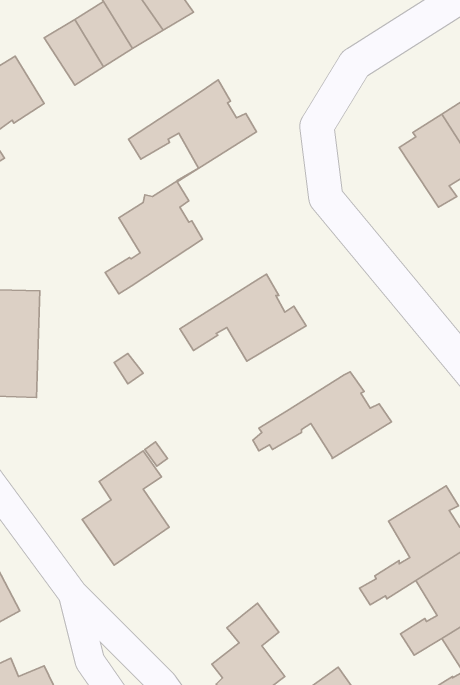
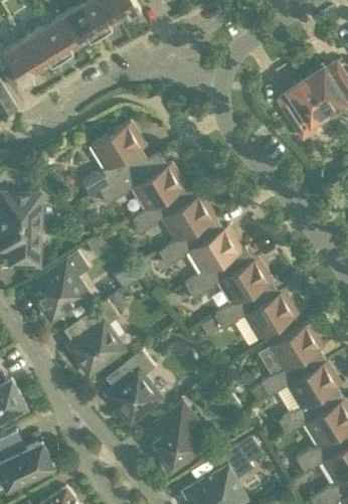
building: none -> [23,27,62,70]
building: [128,80,256,182] -> [100,152,184,219]
building: none -> [158,217,240,274]
building: none -> [34,251,89,321]
building: none -> [200,281,298,339]
building: none -> [106,349,162,423]

